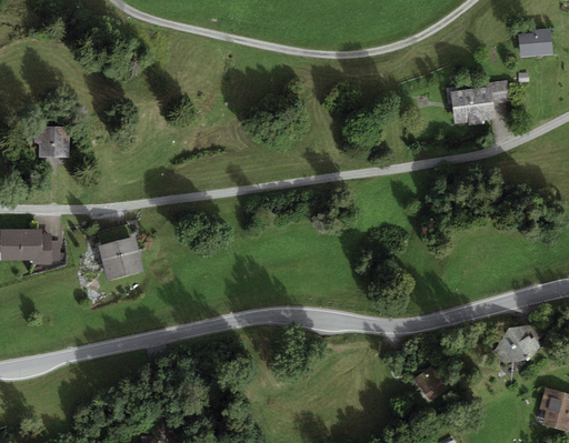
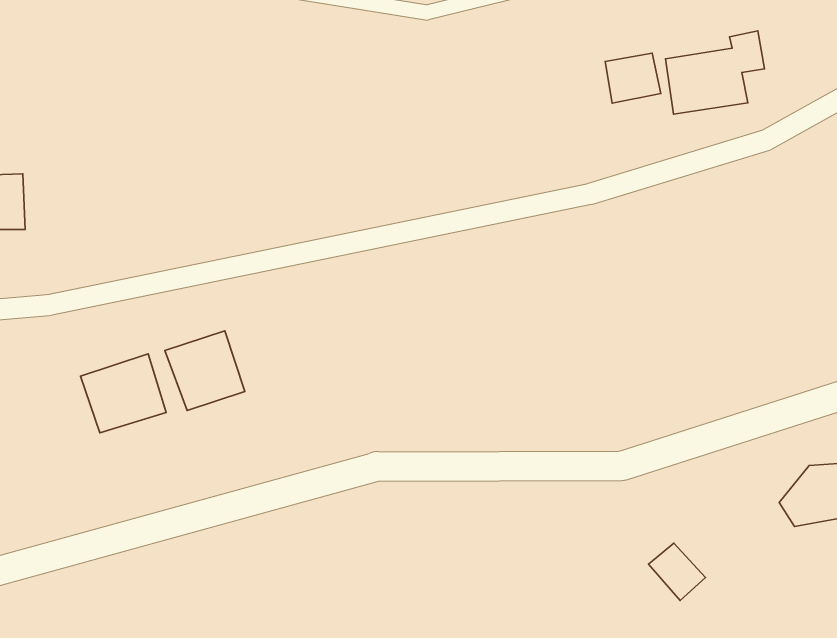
building: none -> [605,53,661,103]
building: none -> [165,331,245,411]

